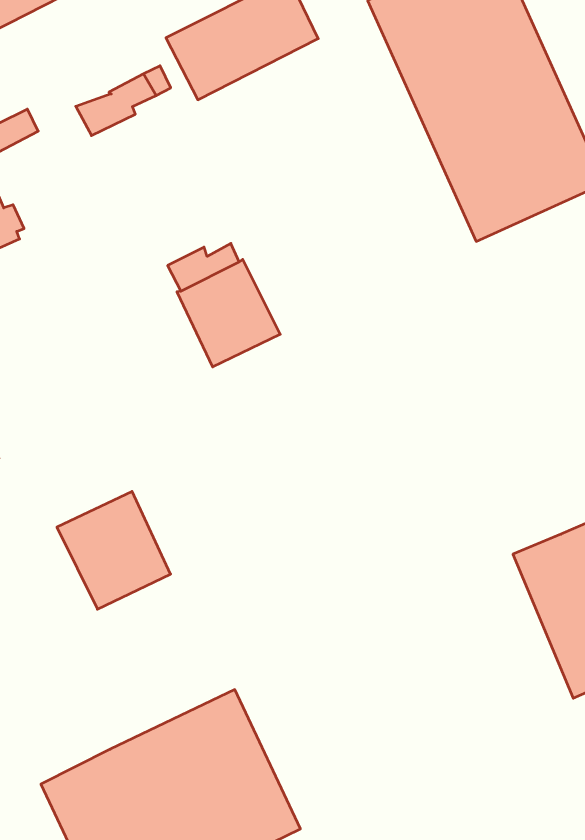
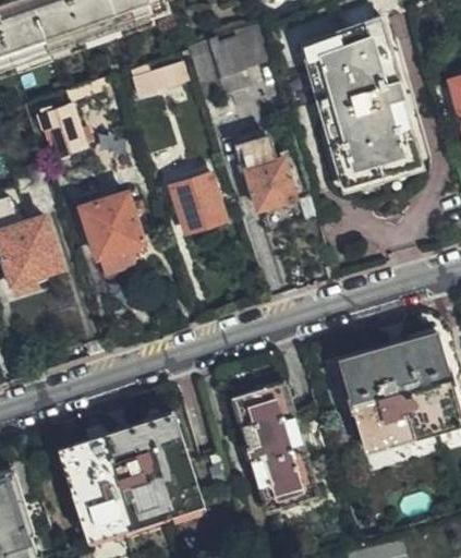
building: none -> [238,140,294,209]
building: [57,491,171,609] -> [80,194,139,257]
building: none -> [232,380,318,509]

